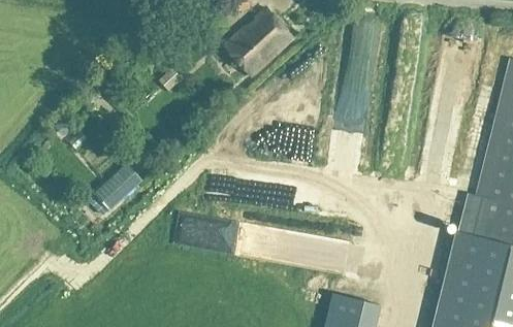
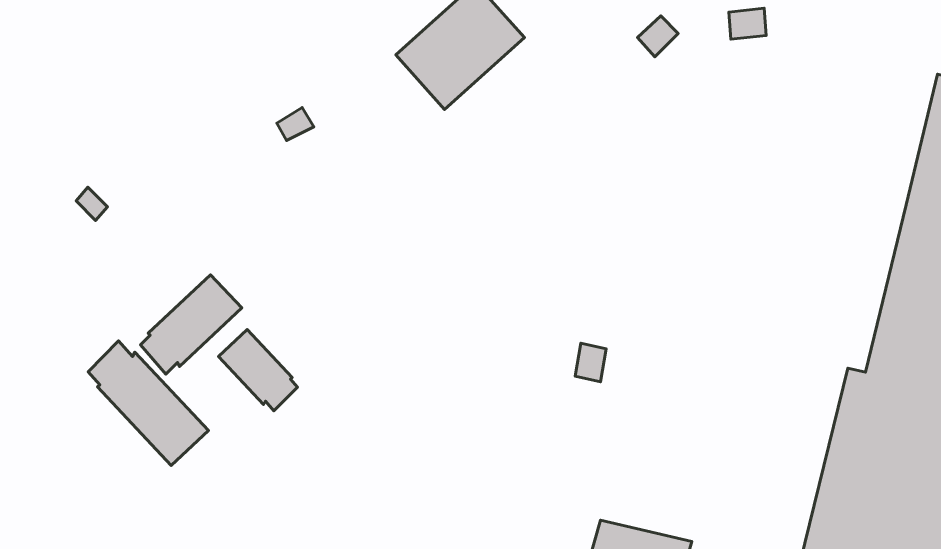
building: none -> [218,330,297,411]
building: none -> [88,341,208,465]

